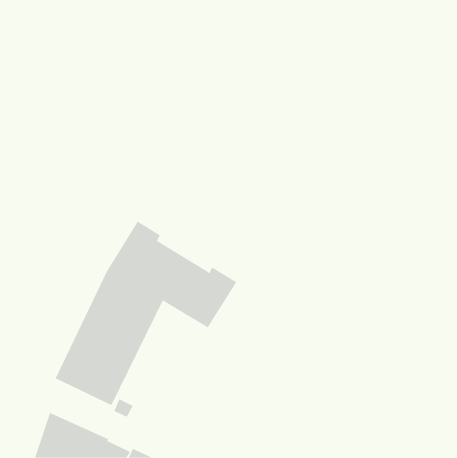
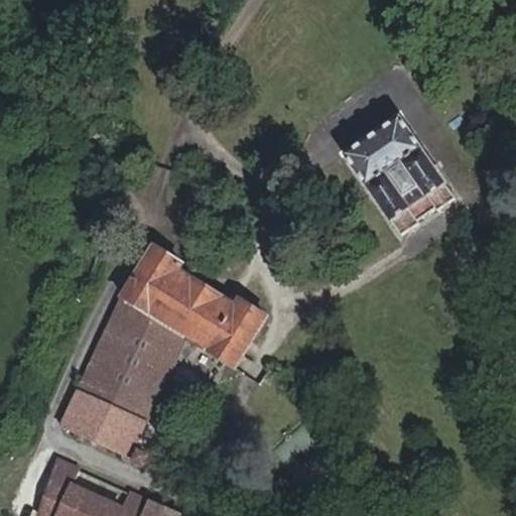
building: none -> [343,116,453,235]

